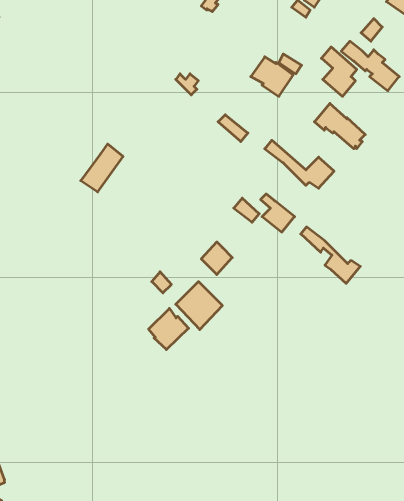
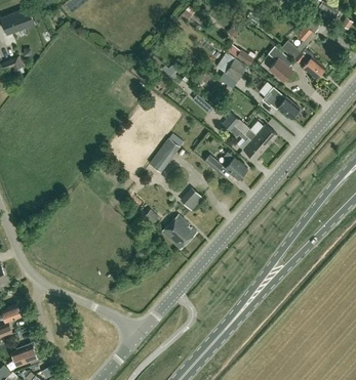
building: [81,144,123,192] -> [150,137,181,172]
building: [301,227,360,283] -> [223,119,266,160]
building: [149,308,189,350] -> none

